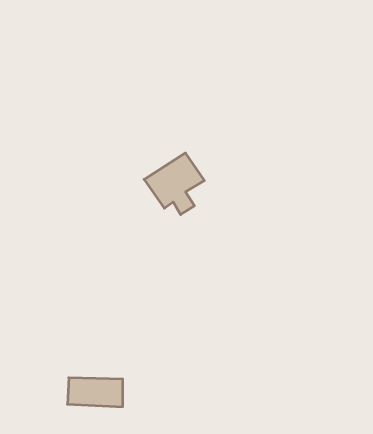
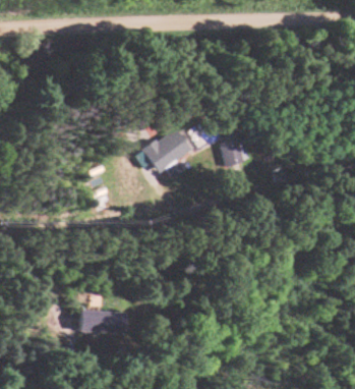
building: none -> [221,138,249,165]

